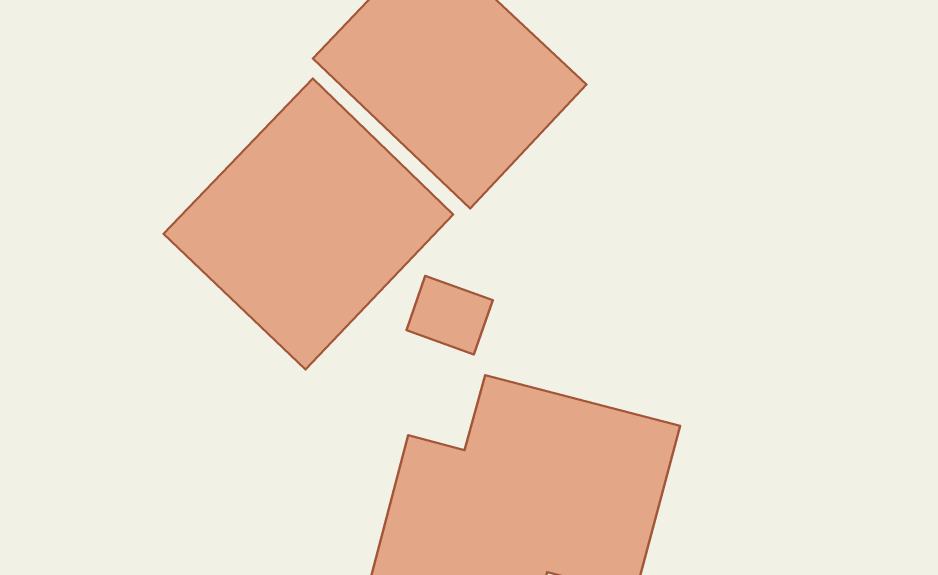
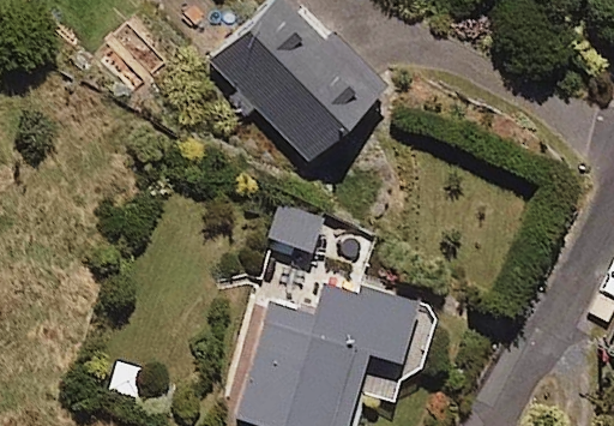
building: [163,78,453,369] -> none

